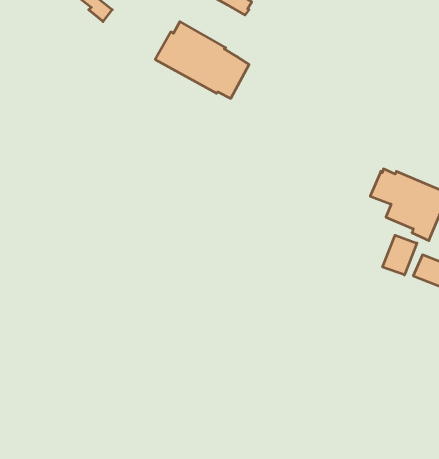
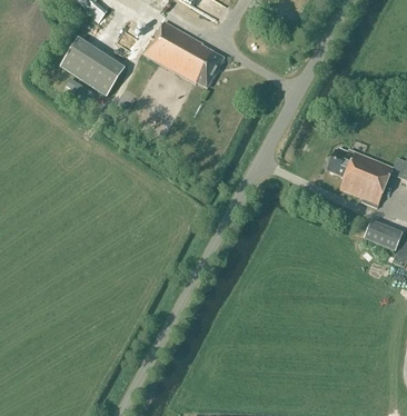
building: none -> [60,38,125,97]
building: [383,235,417,275] -> none

